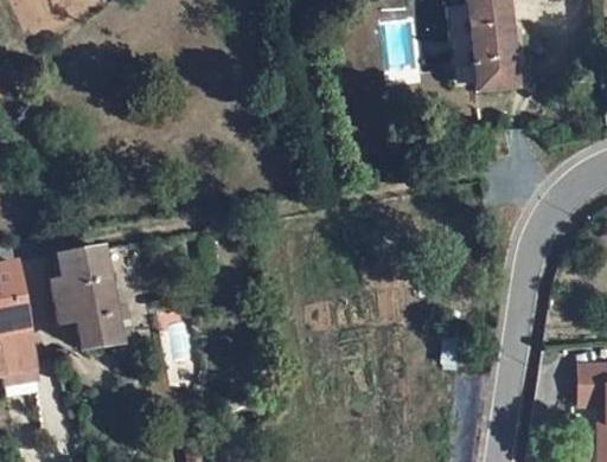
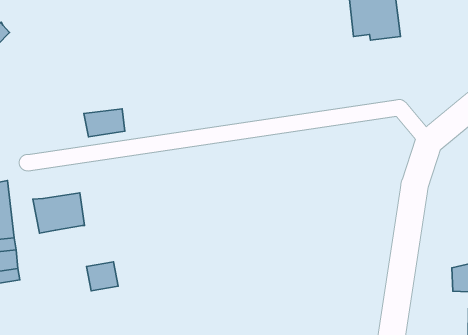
building: [58,244,110,280] -> [84,109,125,137]
building: [79,314,120,351] -> [86,262,118,291]

